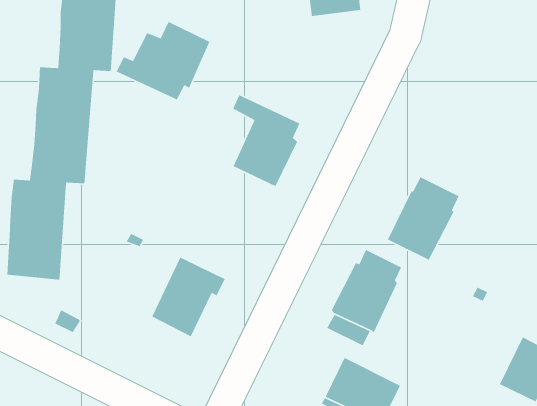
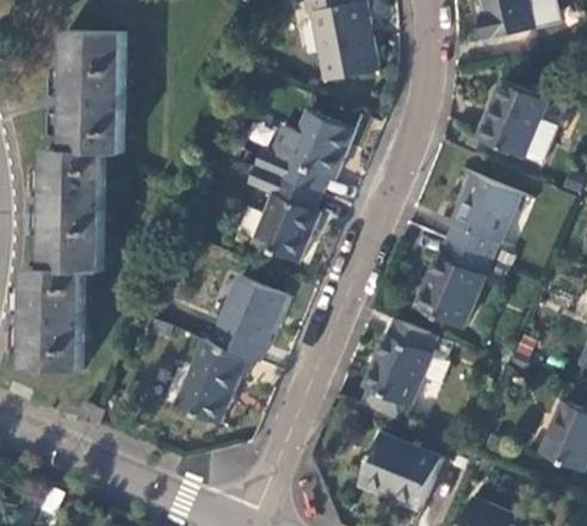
building: [116,21,211,101] -> [254,111,351,193]
building: none -> [478,81,548,156]
building: none -> [447,174,519,259]
building: none -> [209,276,284,361]

